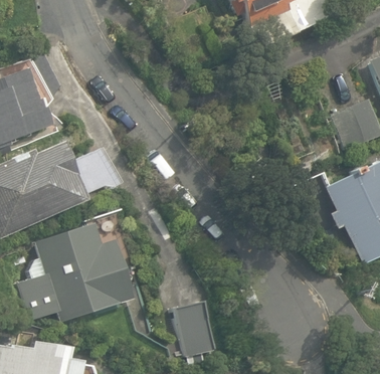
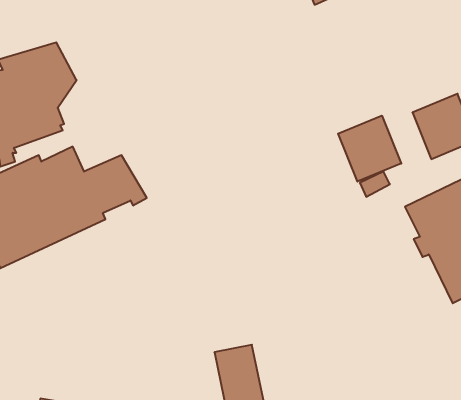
building: none -> [338,116,401,182]
building: [20,219,133,319] -> none

